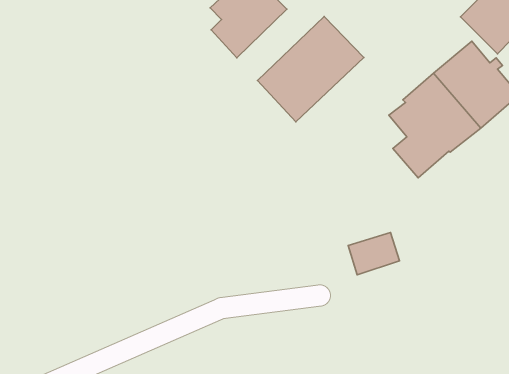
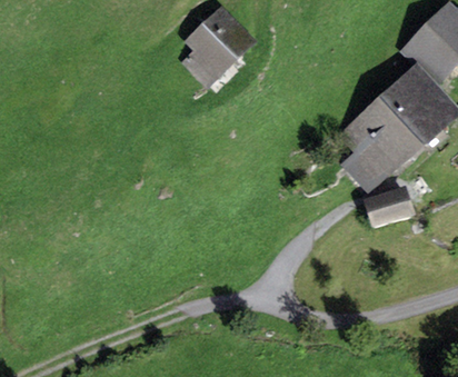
building: [258,16,364,122] -> none
building: [348,233,399,275] -> [367,189,411,226]

